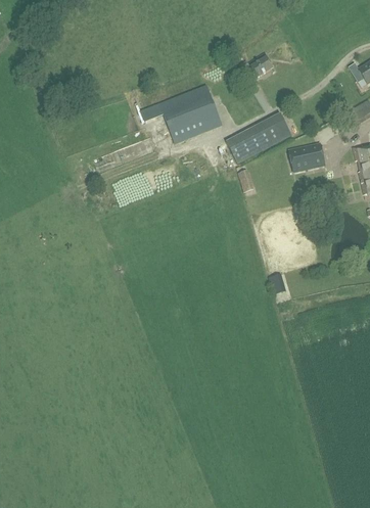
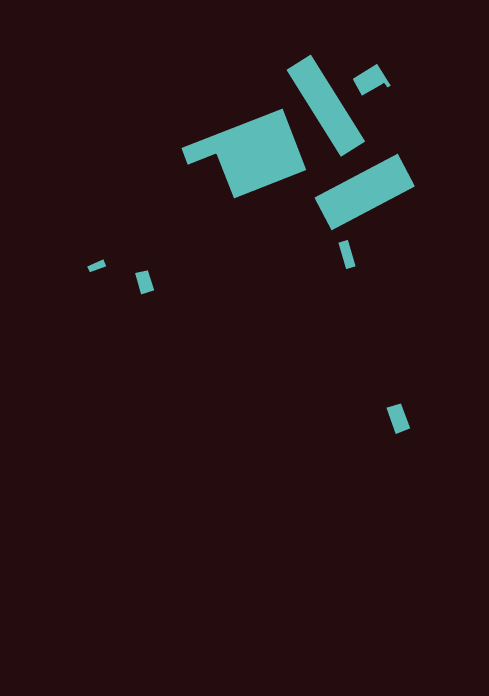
building: none -> [286,54,366,158]
building: [289,143,324,171] -> none

